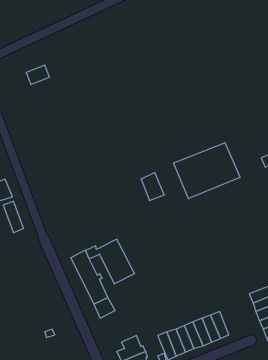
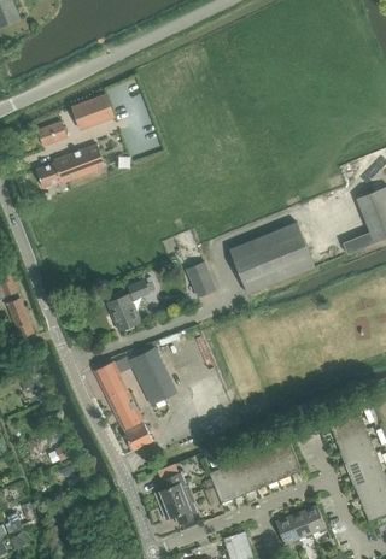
building: none -> [72,94,115,130]
building: none -> [36,143,106,187]
building: none -> [107,280,156,331]

